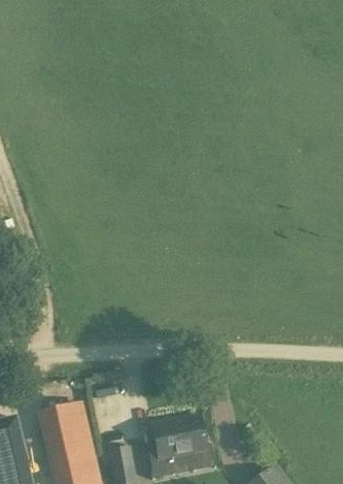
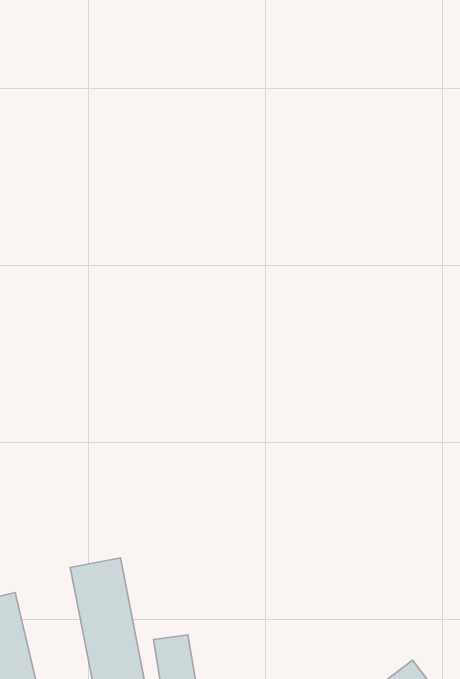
building: [151,422,206,466] -> none

